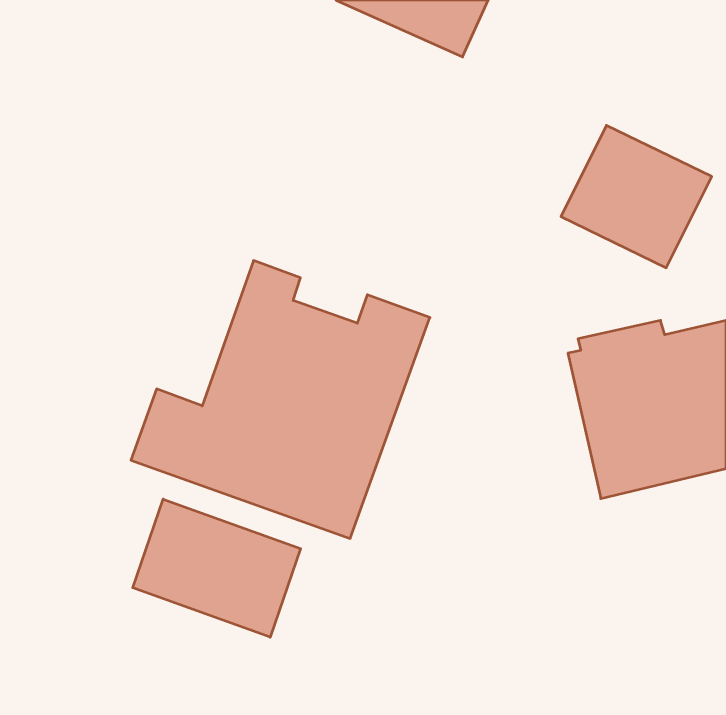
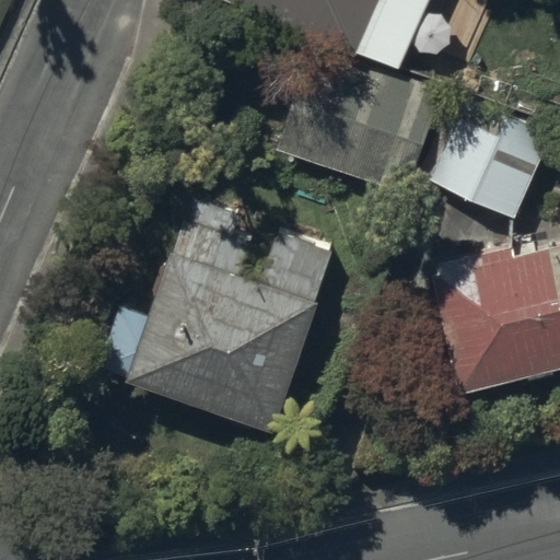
building: none -> [273,52,440,196]
building: [133,499,301,637] -> none

